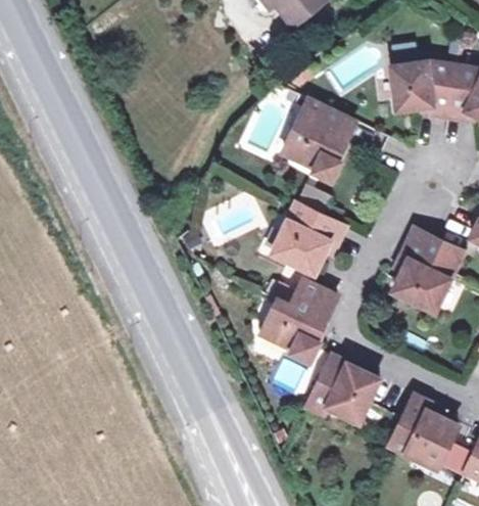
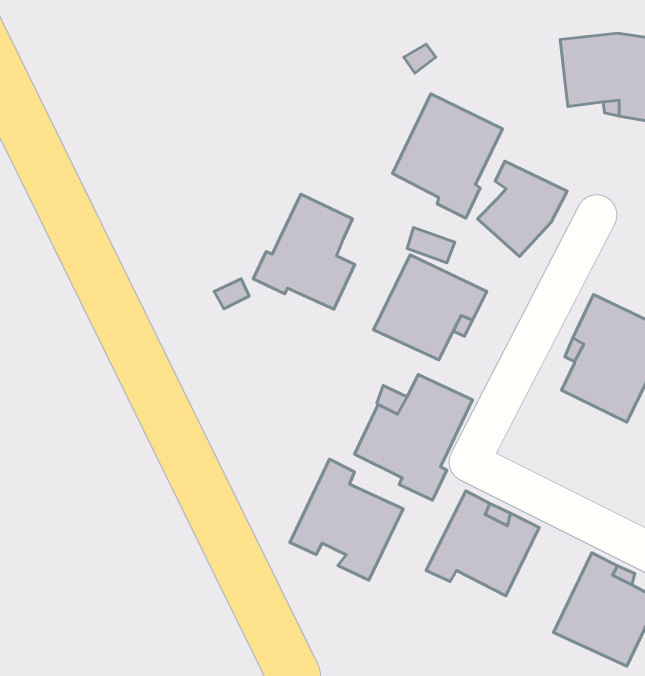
building: none -> [478,161,567,256]
building: none -> [253,194,355,309]
building: none -> [290,459,403,580]

